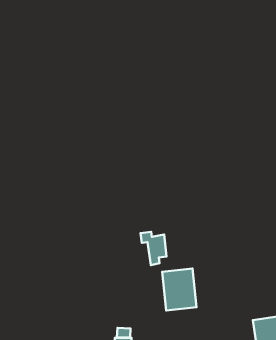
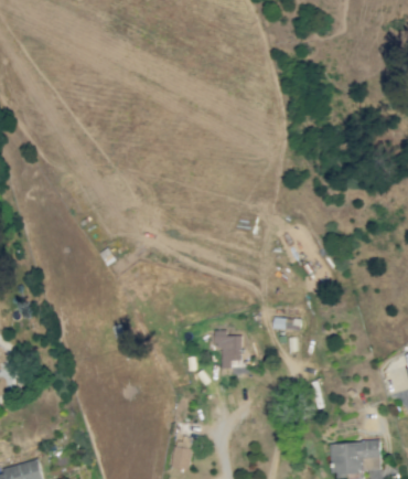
building: [162,268,196,310] -> none

